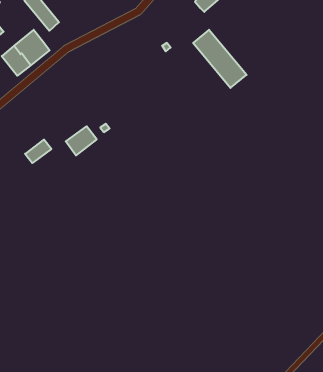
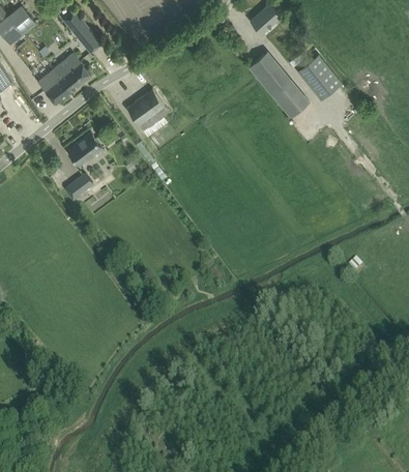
building: none -> [296,54,341,99]
building: none -> [126,90,169,131]
building: [66,126,97,155] -> [67,134,101,166]

